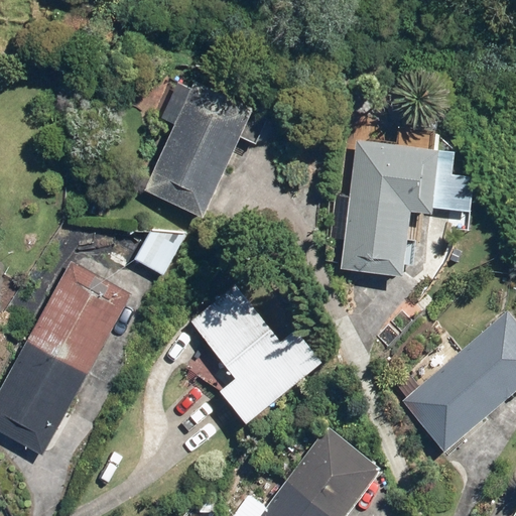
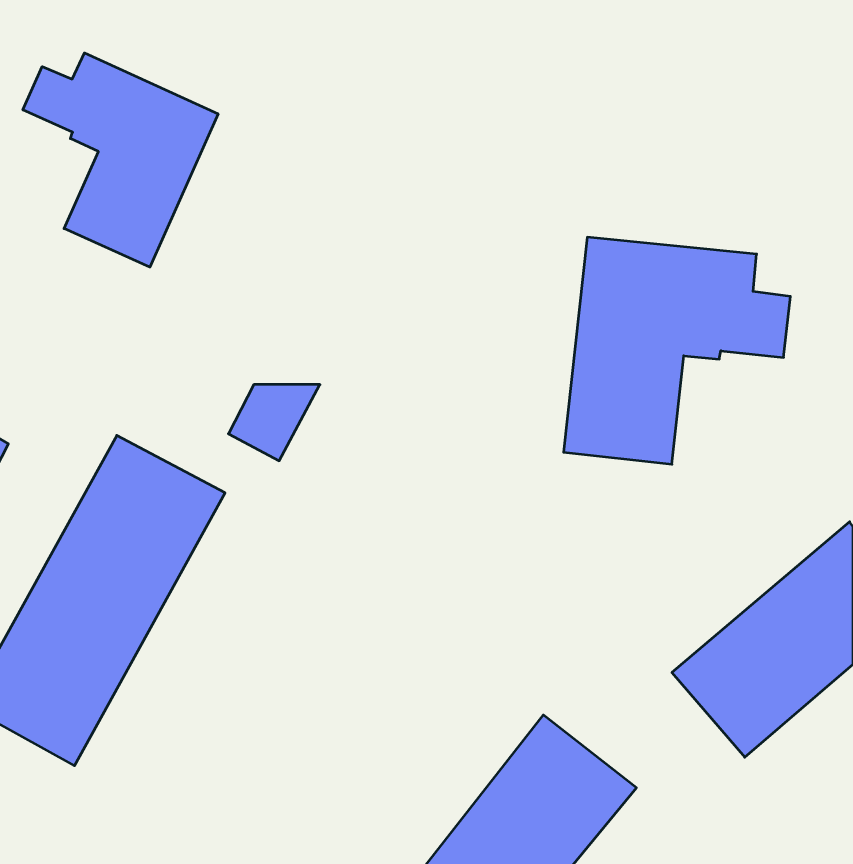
building: none -> [23,53,218,267]
building: [148,78,260,217] -> none
building: [190,281,329,423] -> none

